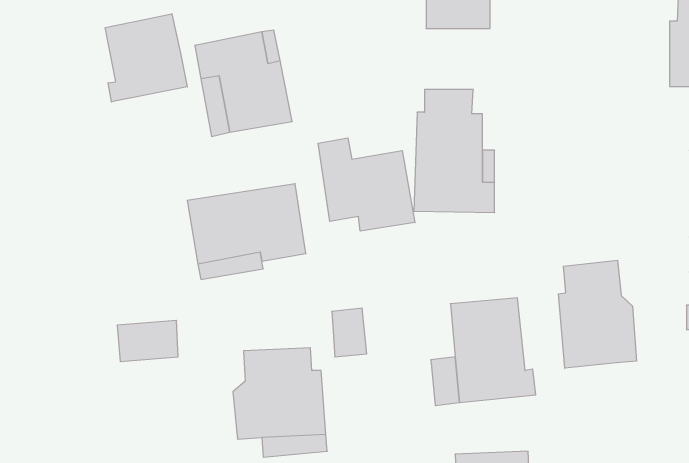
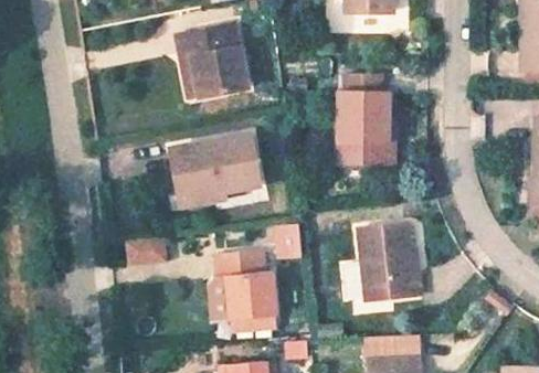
building: [105,14,187,102] -> none
building: [318,138,415,231] -> none
building: [558,260,636,368] -> none

